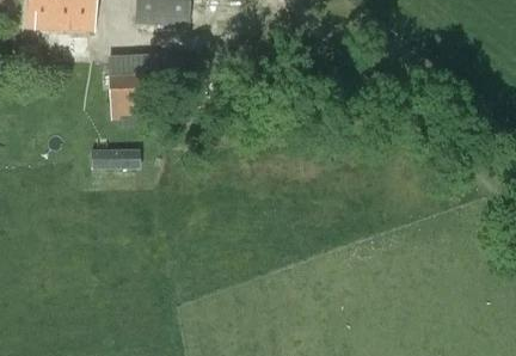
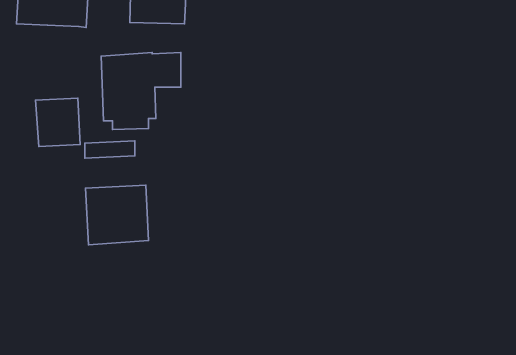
building: none -> [36,98,80,146]
building: none -> [86,185,149,245]

